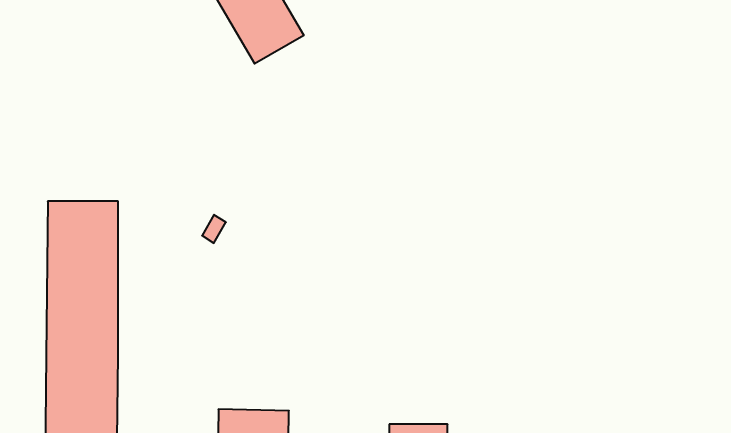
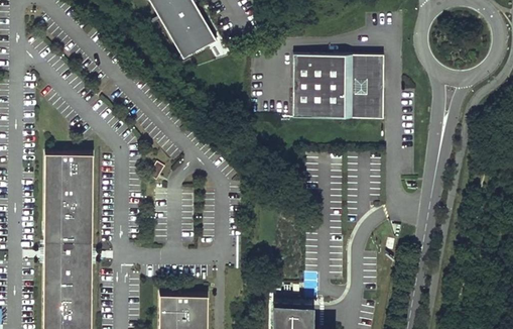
building: none -> [292,54,383,119]

